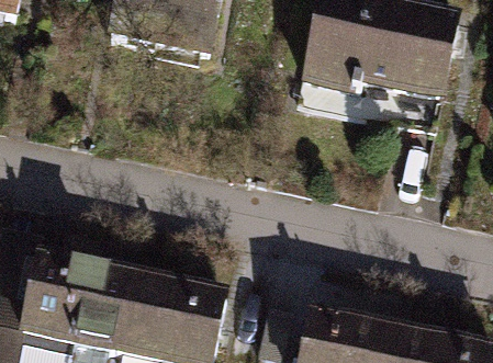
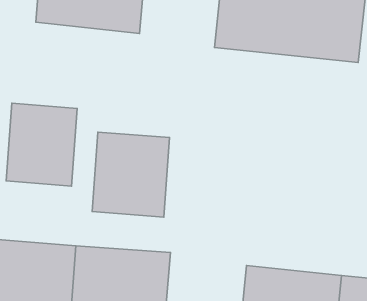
building: none -> [6,103,77,186]
building: none -> [92,132,170,217]

